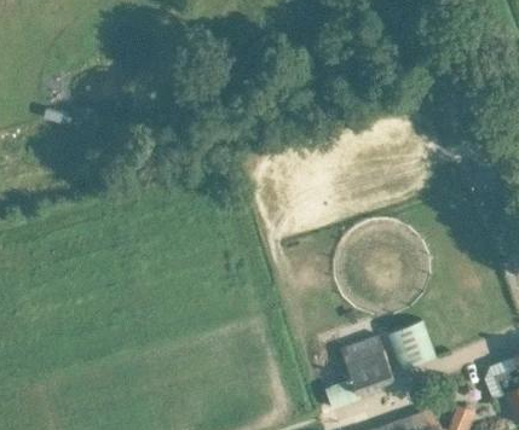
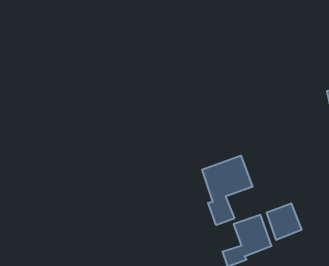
building: none -> [202,156,252,225]

